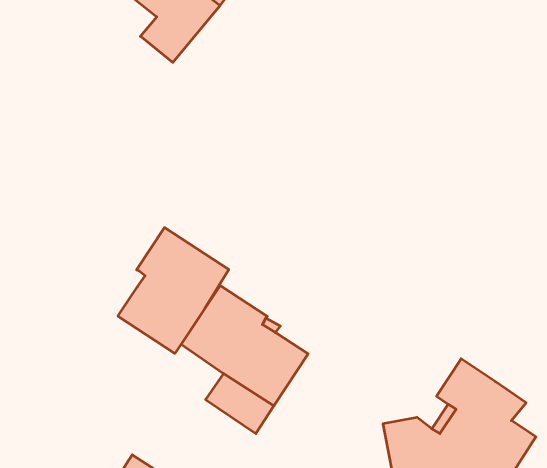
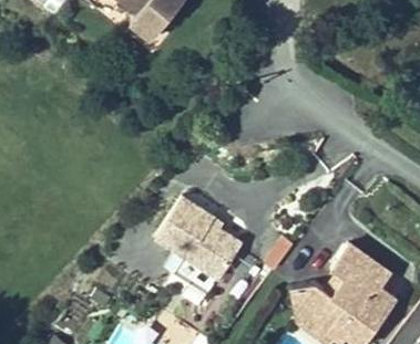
building: [118,228,229,353] -> none

